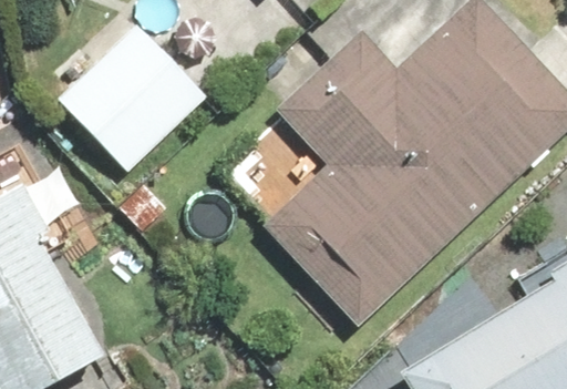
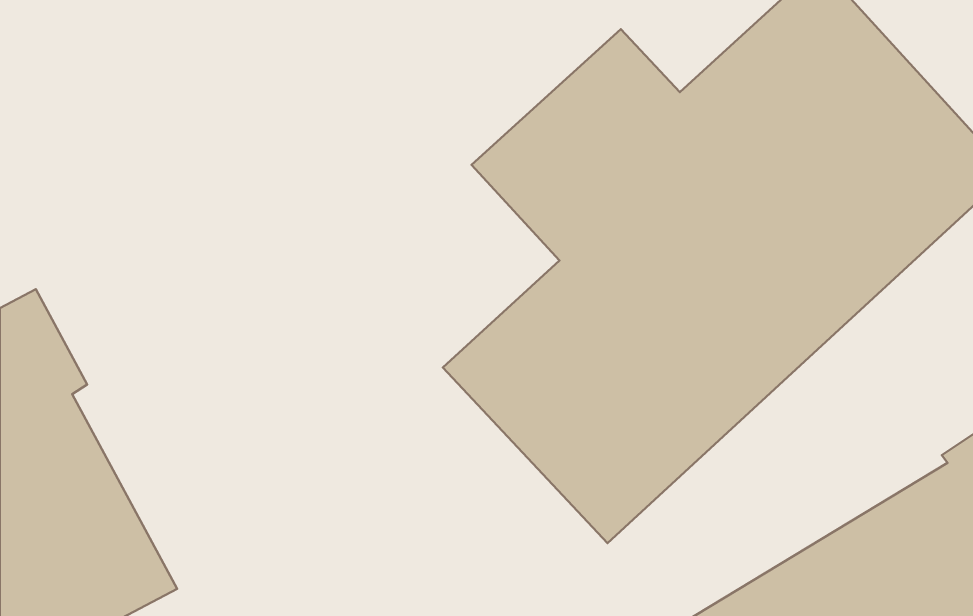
building: [54,24,205,174] -> none

